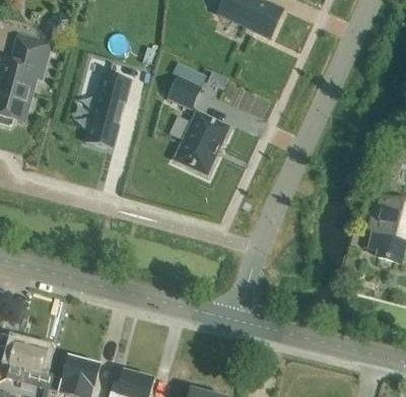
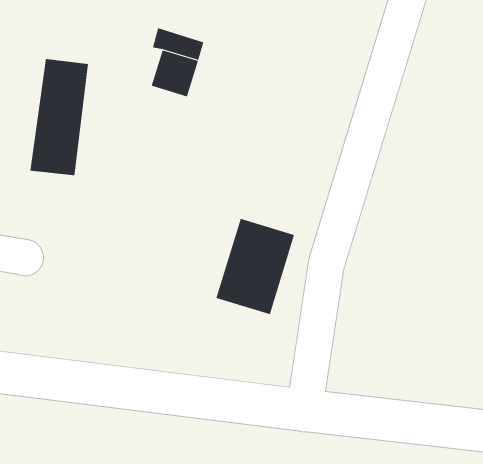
building: [174,110,229,174] -> [215,218,295,315]

